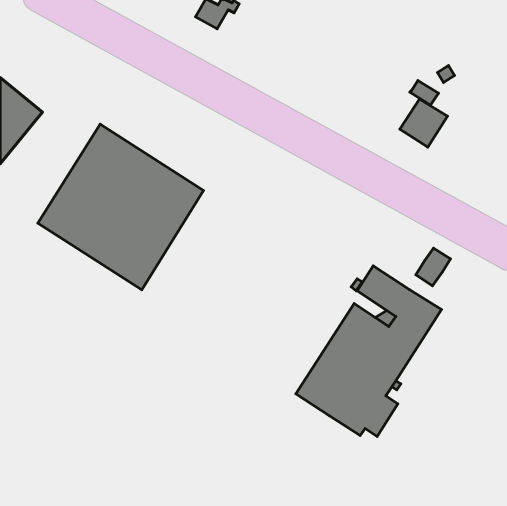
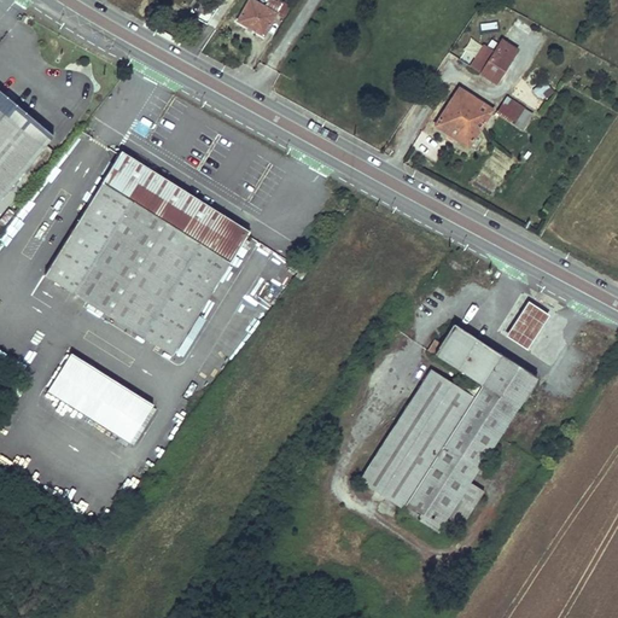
building: none -> [483,39,519,81]
building: [400,98,448,147] -> [436,87,494,146]
building: none -> [45,350,151,441]

